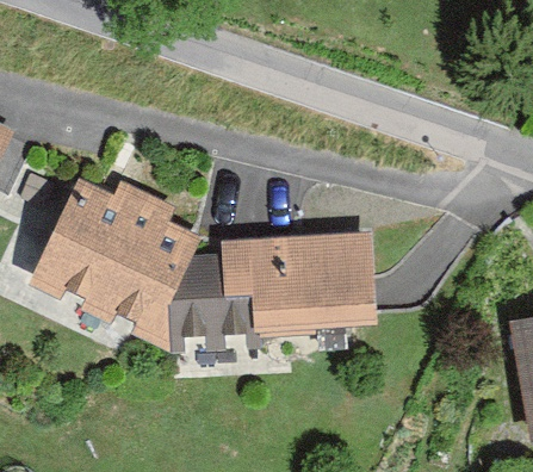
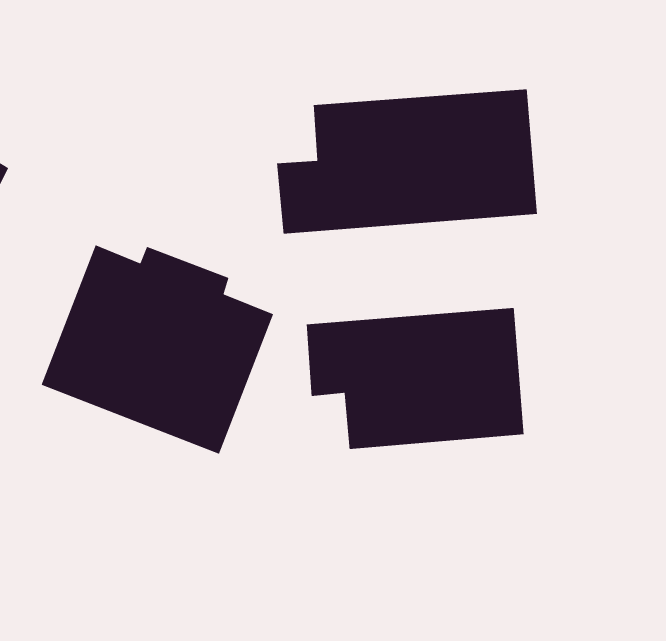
building: none -> [276,88,538,235]

